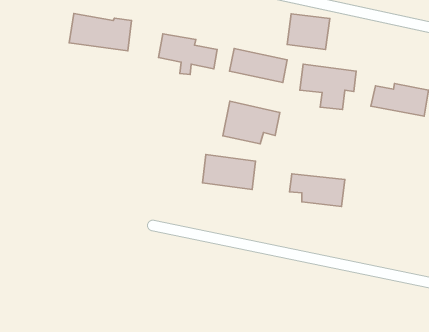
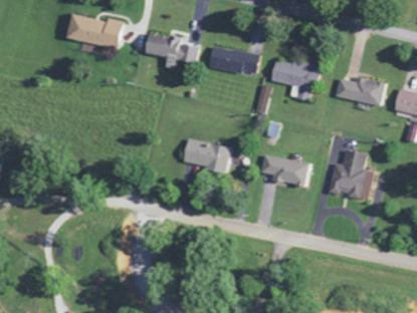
building: [287,14,330,49] -> none
building: [223,101,280,144] -> none
building: none -> [327,149,375,200]

